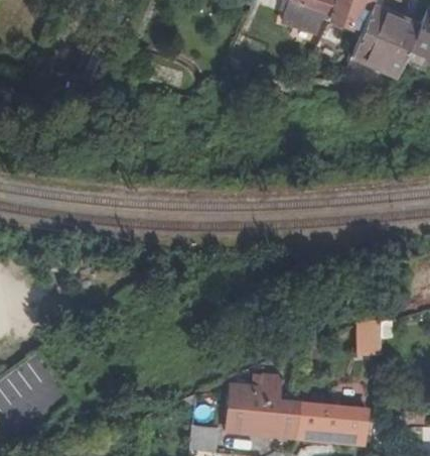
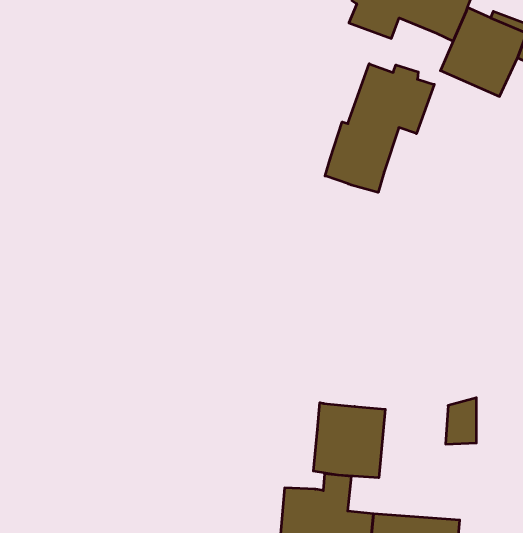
building: none -> [325,64,434,192]
building: none -> [313,403,385,478]

